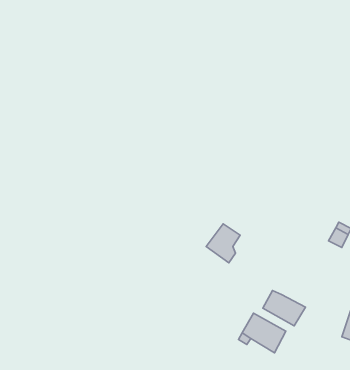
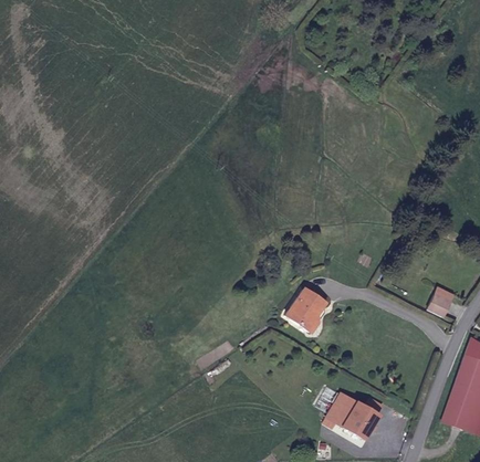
building: [263,290,306,326] -> none

